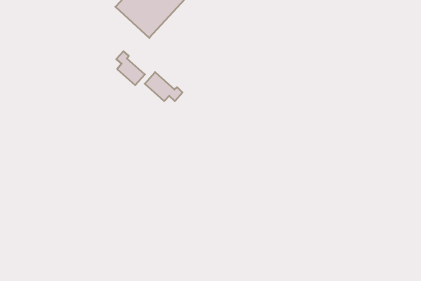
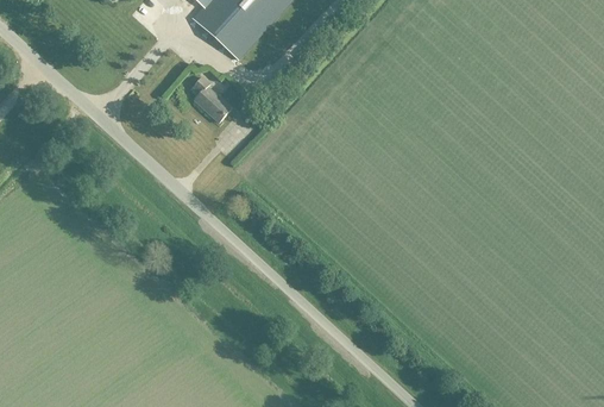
building: [145,72,182,101] -> none

